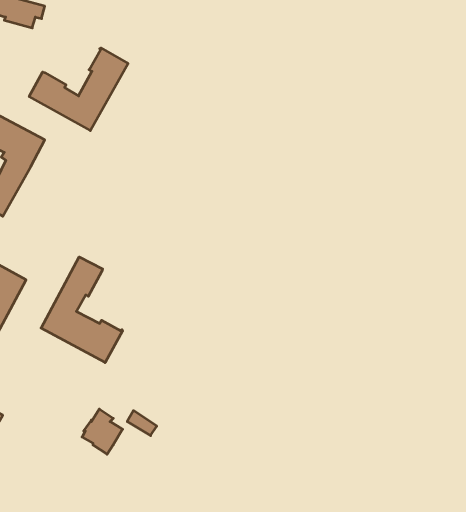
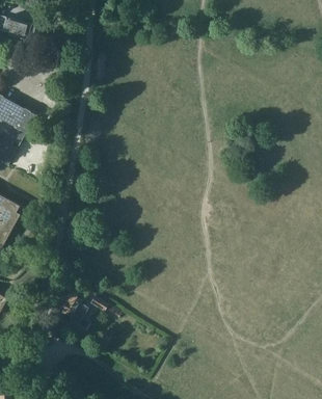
building: [29,48,128,131] -> none
building: [41,257,123,363] -> none

